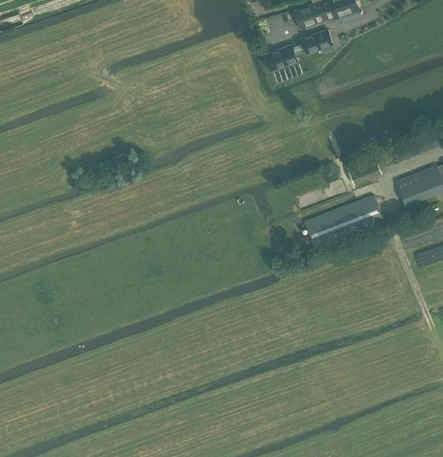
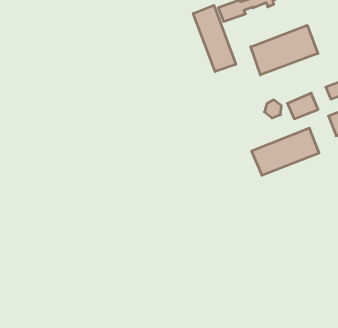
building: none -> [193,5,236,72]
building: none -> [251,25,318,75]

